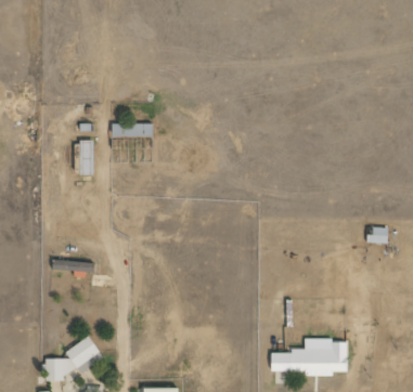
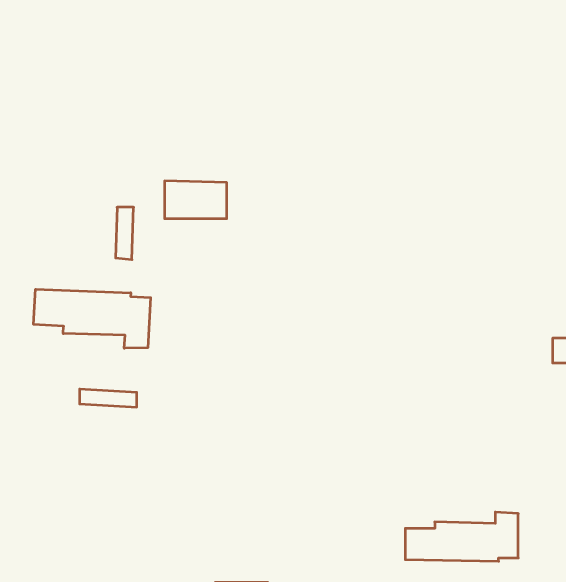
building: none -> [34,289,151,348]
building: [43,336,99,381] -> none

